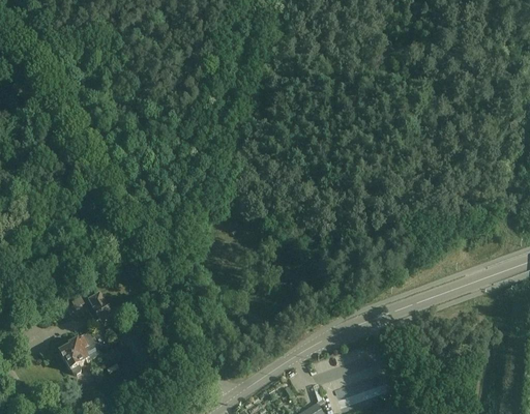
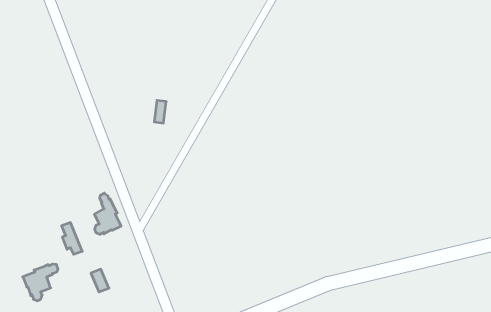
building: none -> [95,193,121,234]

